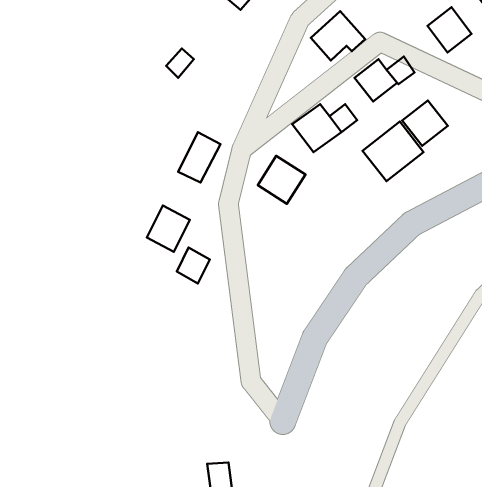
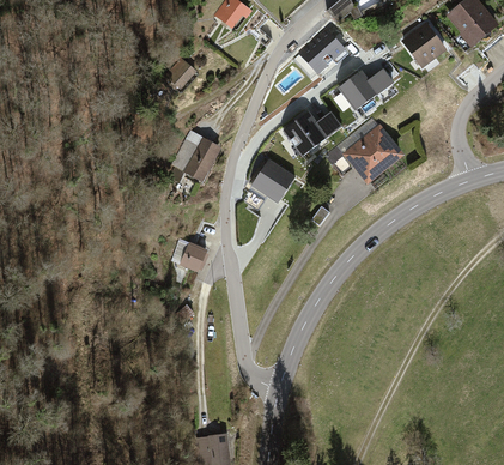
building: [402,101,448,146] -> none
building: [147,206,190,252] -> none

